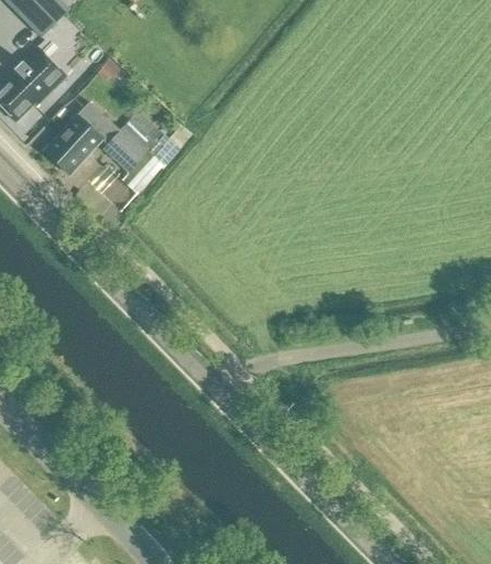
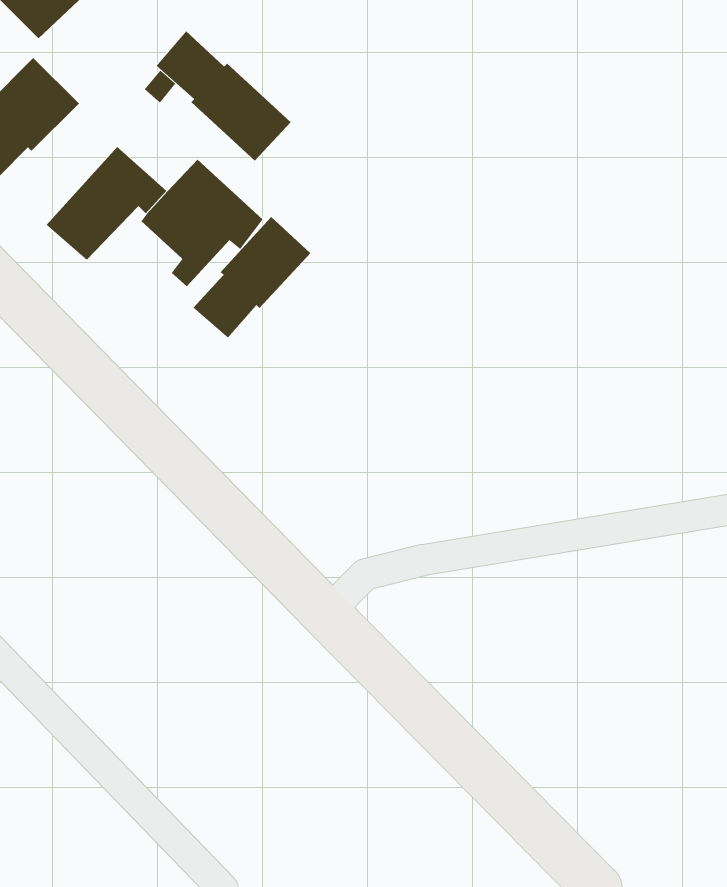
building: none -> [156,31,291,162]
building: none -> [192,216,311,339]

